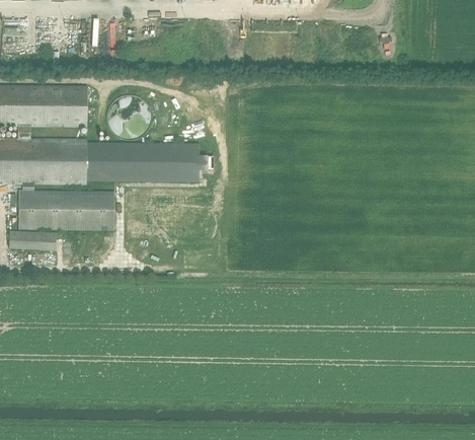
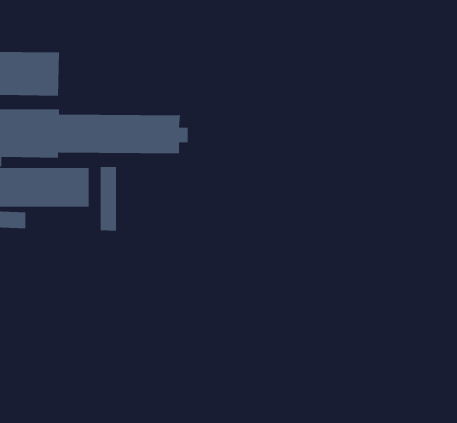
building: none -> [100,166,117,232]

